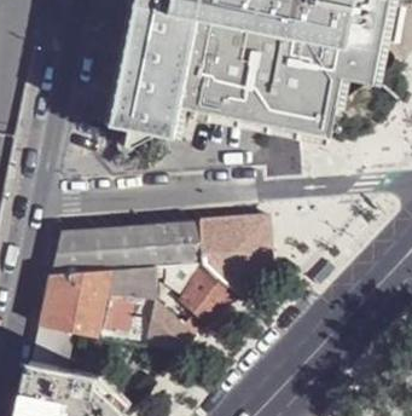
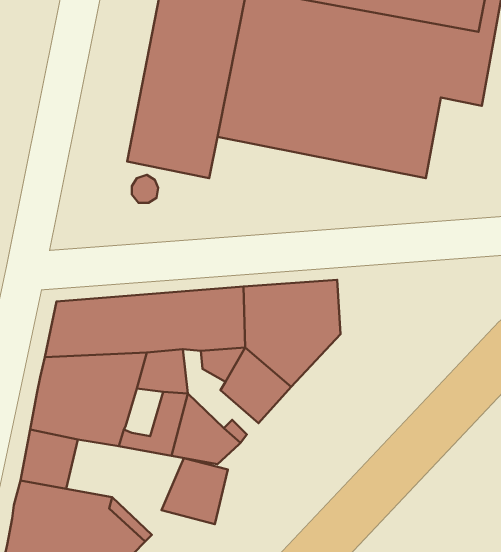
building: none -> [162,458,228,524]

